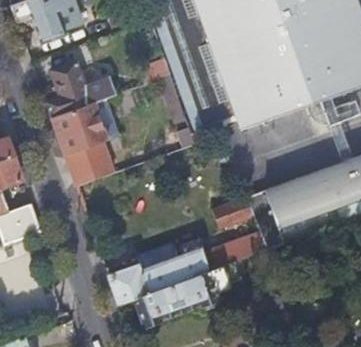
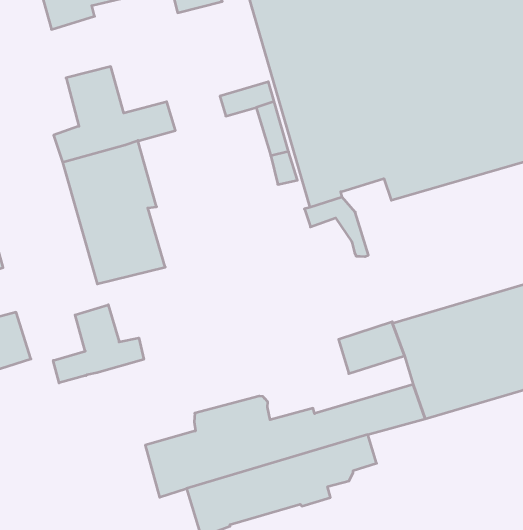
building: none -> [53,305,144,383]

